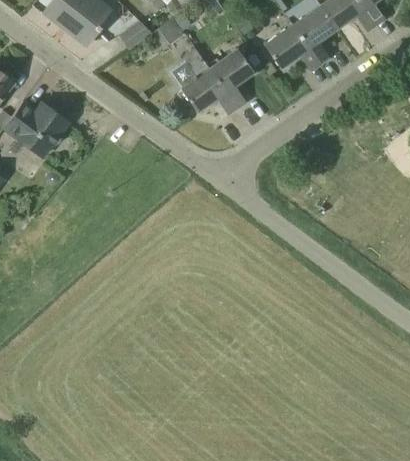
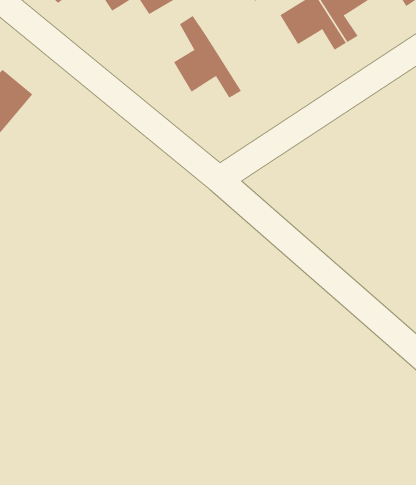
building: [207,49,254,108] -> none

